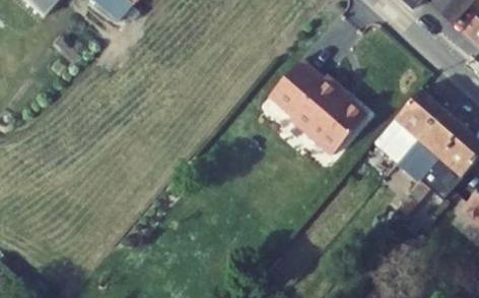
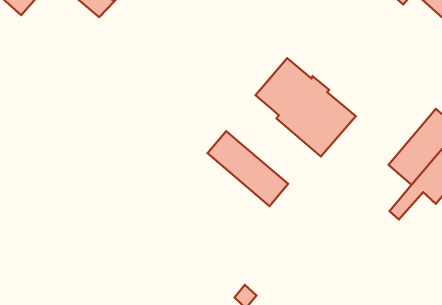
building: [374,87,443,162] -> none
building: none -> [208,131,288,206]

